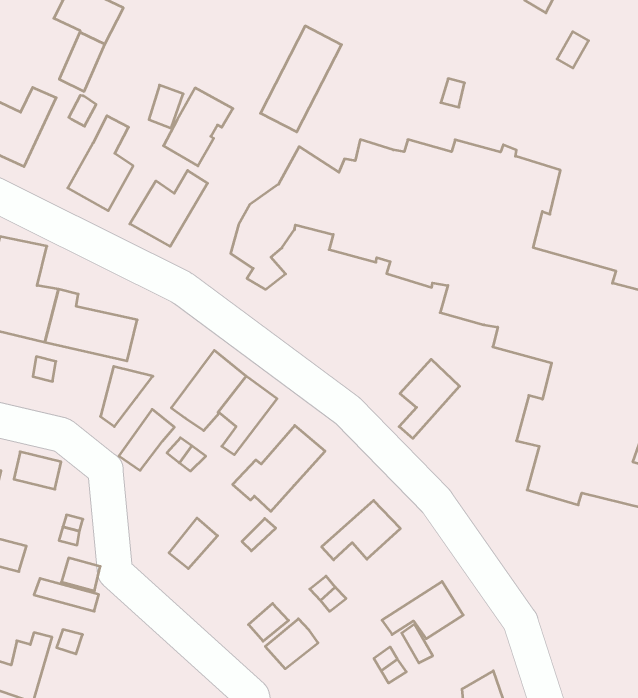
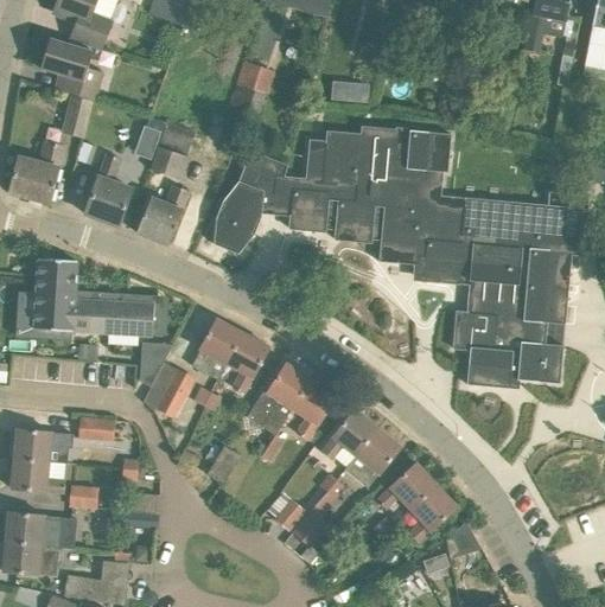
building: [399,359,460,438] -> [292,378,336,440]
building: none -> [344,427,400,488]
building: none -> [407,484,456,542]

